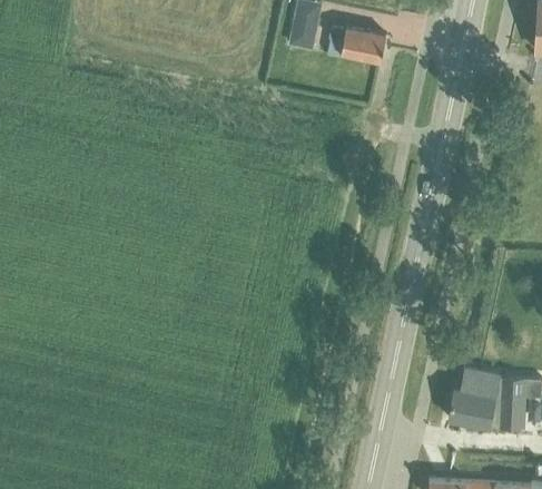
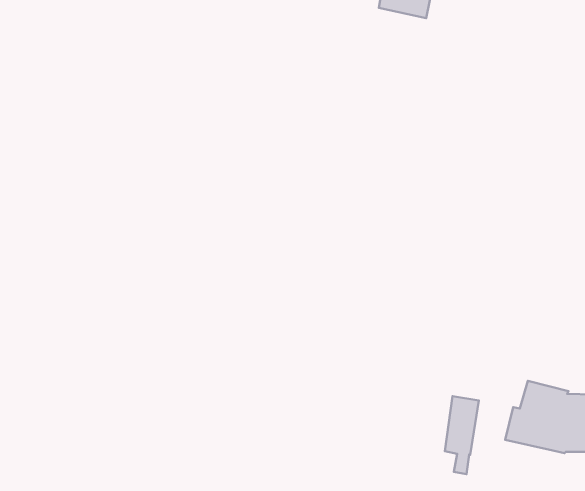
building: none -> [445,396,479,474]

